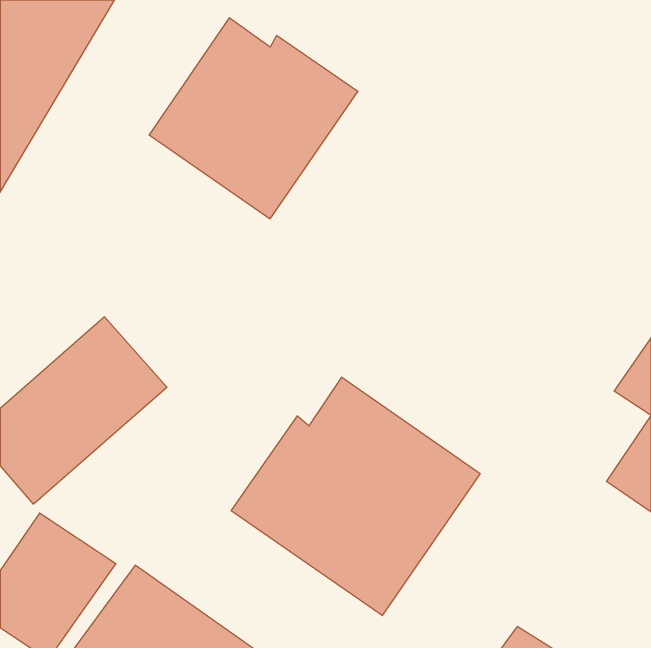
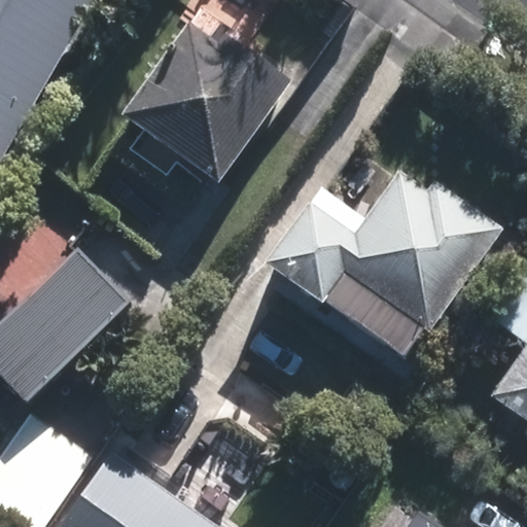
building: none -> [260,166,505,331]
building: [231,377,480,616] -> none

